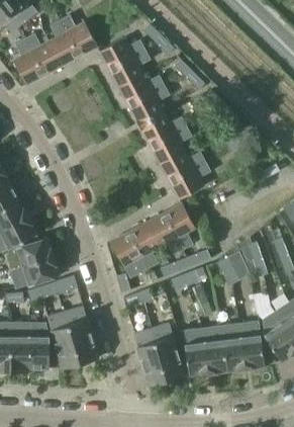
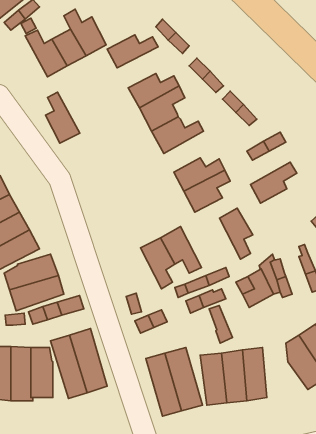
building: [13,38,44,85] -> [45,92,80,143]
building: [108,49,151,86] -> none
building: [151,125,193,163] -> [250,162,297,203]
building: [166,203,196,250] -> [220,208,253,259]
building: [111,232,149,278] -> none
building: [240,321,265,368] -> none

